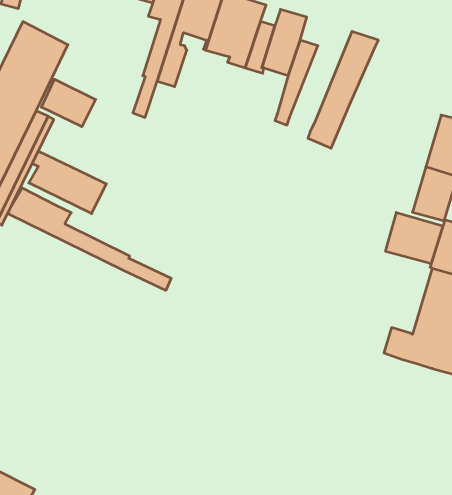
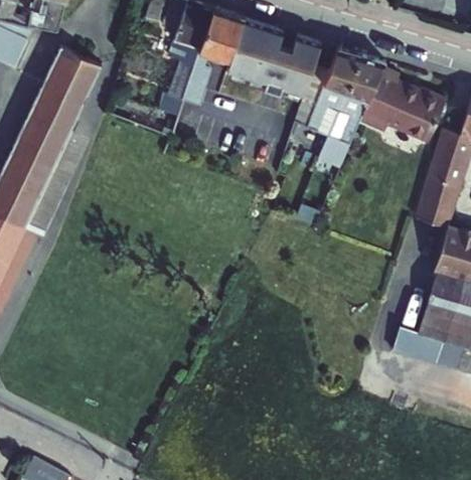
building: none -> [302,48,361,147]
building: none -> [359,69,446,144]
building: [41,79,96,127] -> none
building: [29,151,106,214] -> none
building: [8,188,171,290] -> none
building: [386,212,443,264] -> none

